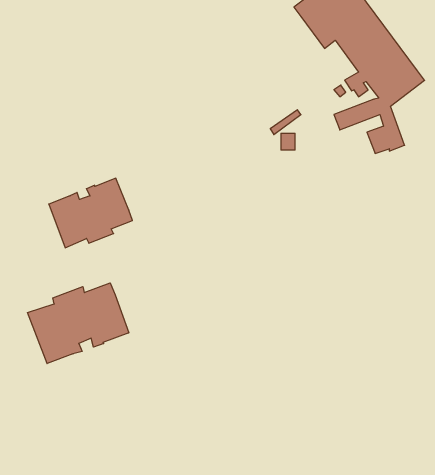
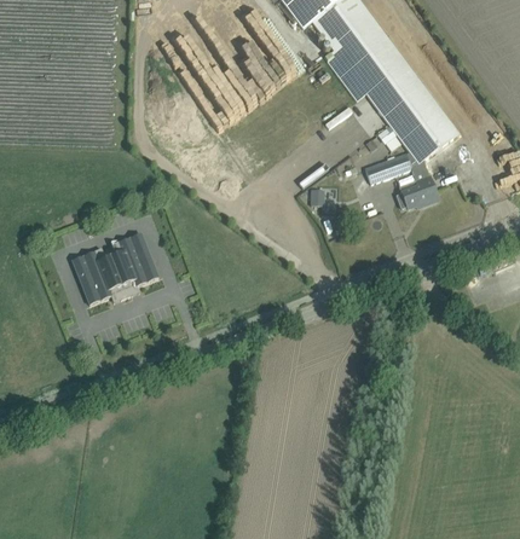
building: [28,283,129,364] -> none

